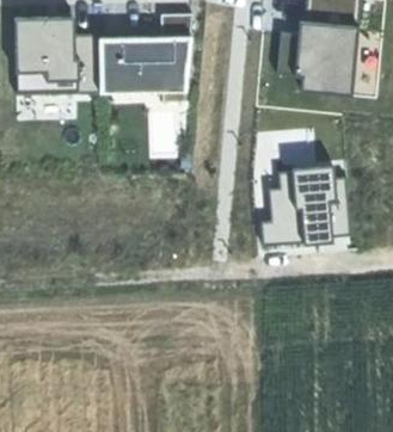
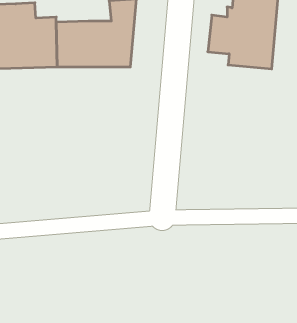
building: [263,167,352,243] -> none

